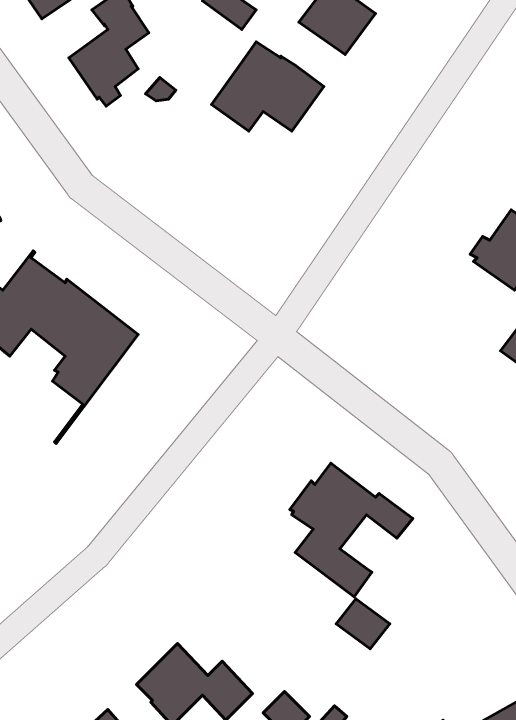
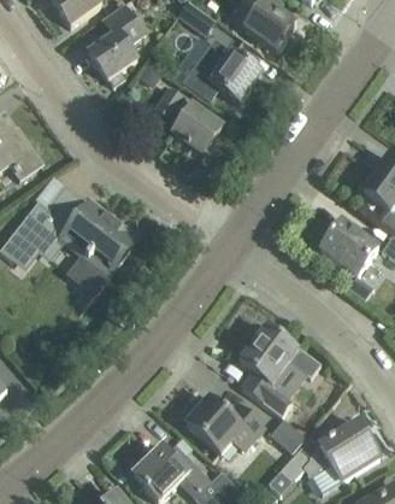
building: none -> [155,88,222,153]
building: none -> [319,219,377,275]
building: none -> [184,397,264,453]
building: none -> [267,421,379,493]

